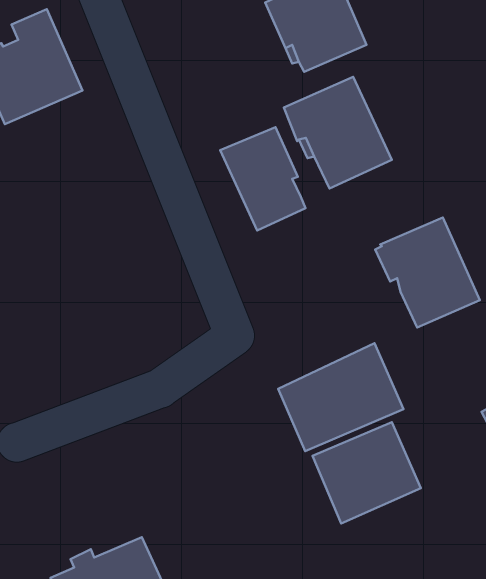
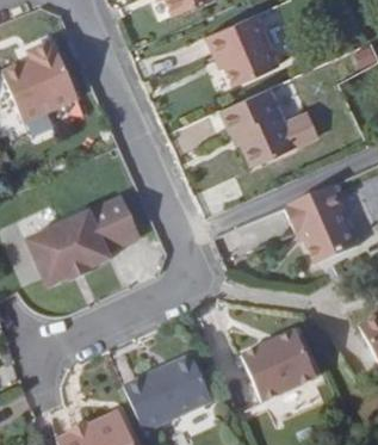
building: [220,127,306,231] -> none
building: none -> [26,196,141,286]
building: [278,343,403,451] -> [124,353,212,429]

